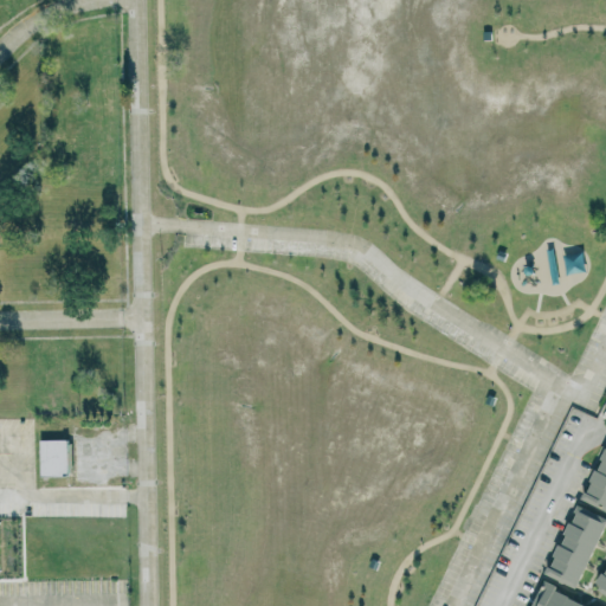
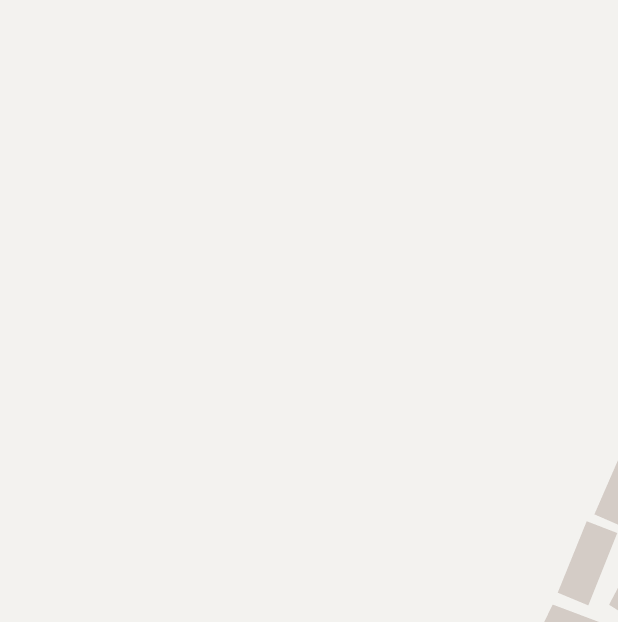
building: [50,440,77,477] -> none

